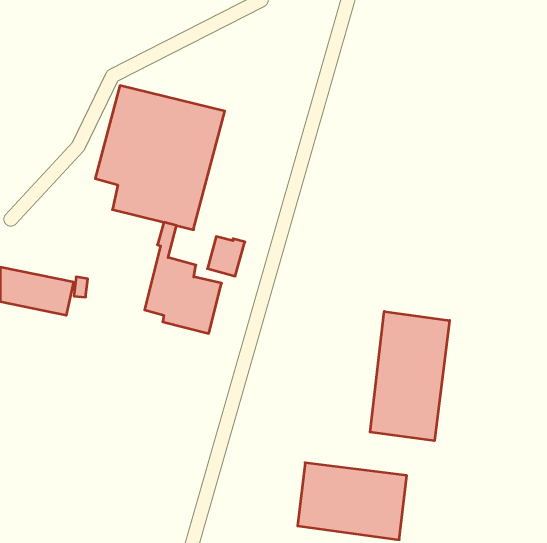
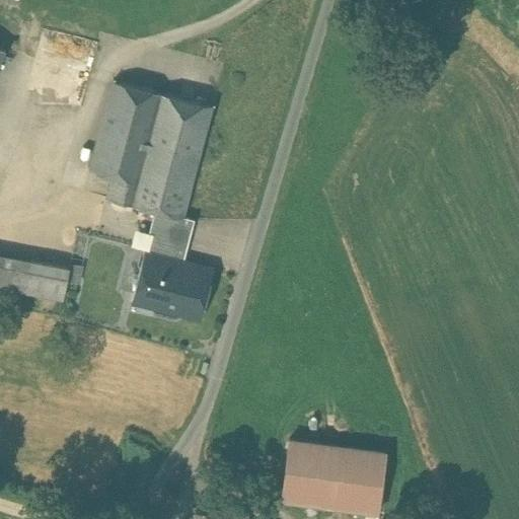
building: [207,237,245,276] -> [159,217,195,254]
building: [370,311,450,441] -> none

